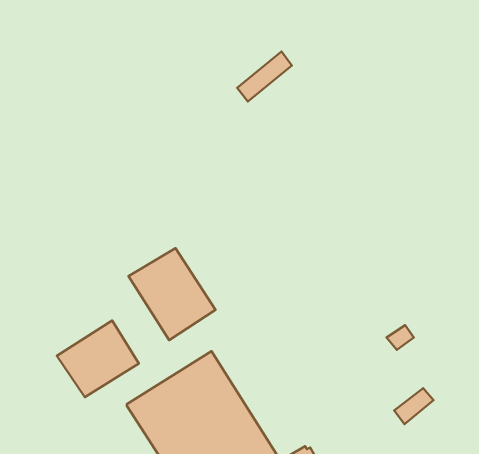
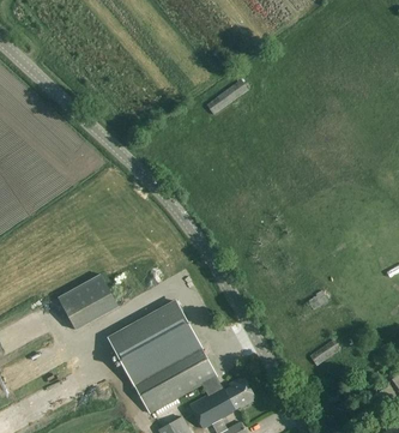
building: [128,248,215,340] -> none

